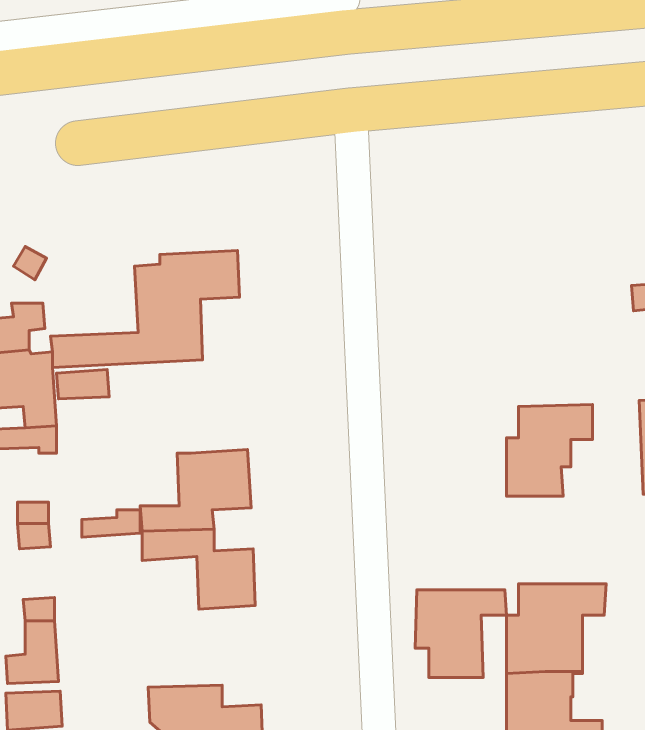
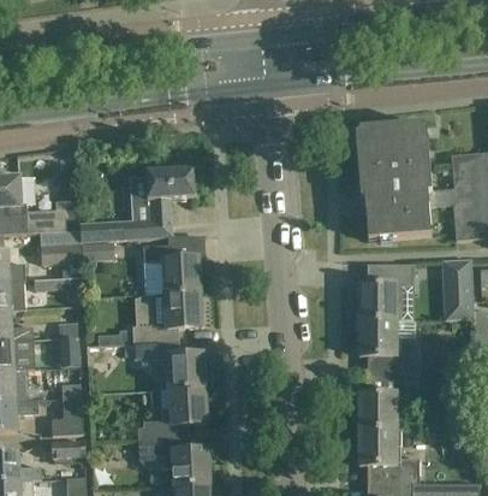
building: none -> [356,122,432,240]
building: none -> [142,244,200,294]
building: [415,590,507,677] -> [358,319,415,373]
building: none -> [137,386,207,437]

